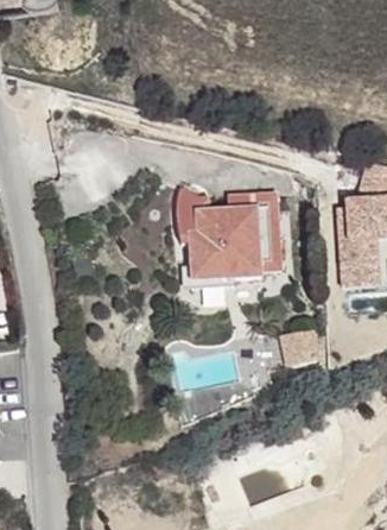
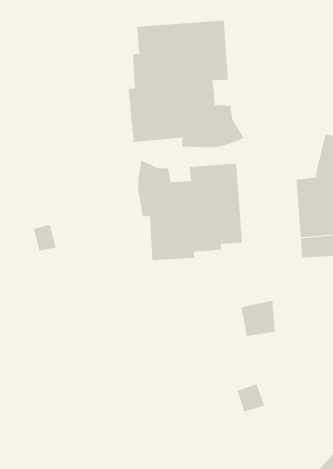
building: none -> [128,20,245,148]

